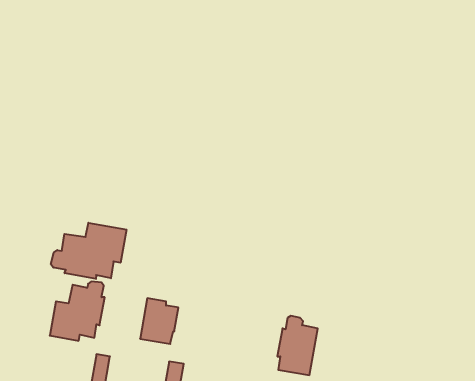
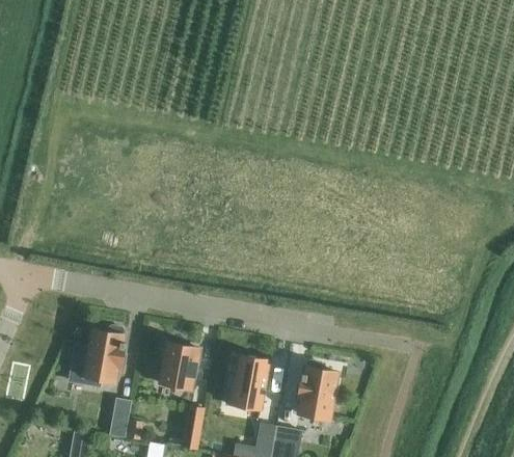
building: [51,223,126,279] -> none
building: none -> [224,356,267,410]

